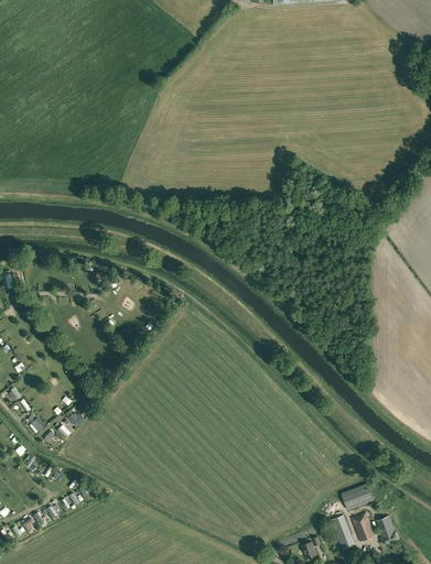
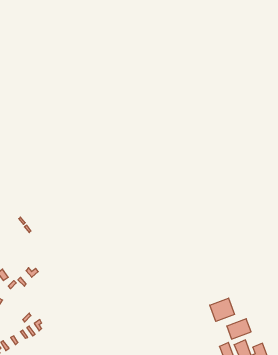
building: none -> [210,298,235,321]

